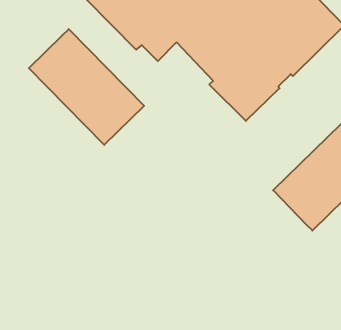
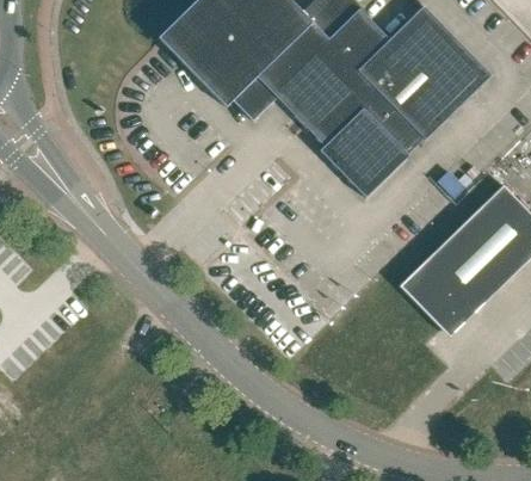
building: [29,29,144,145] -> none

